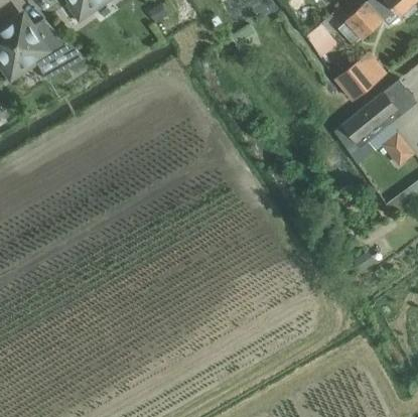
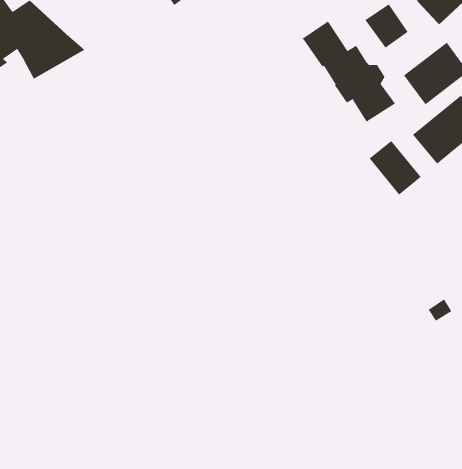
building: none -> [302,21,396,123]
building: none -> [369,140,422,195]

